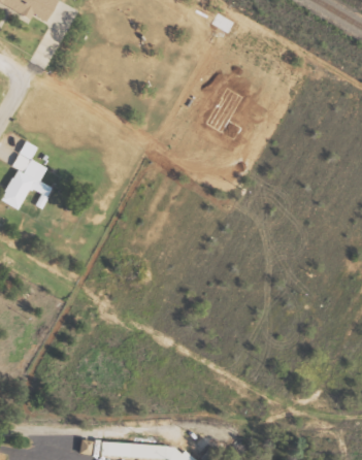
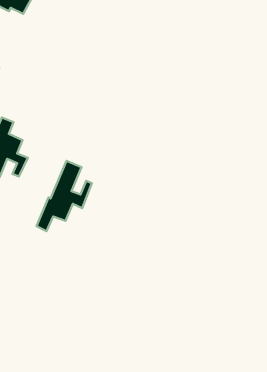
building: none -> [37,161,92,231]

